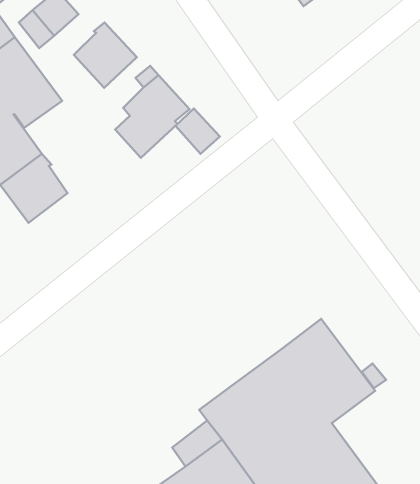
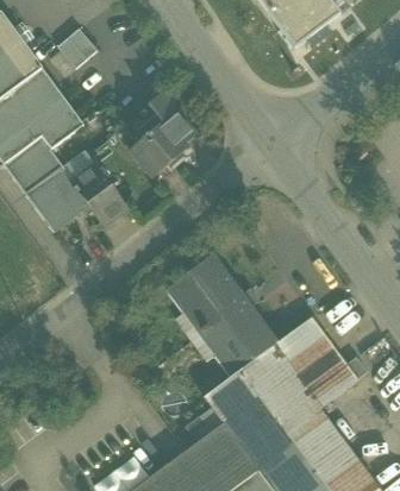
building: [74,23,137,88] -> none
building: [176,108,220,154] -> none
building: none -> [73,165,129,226]
building: none -> [167,256,277,377]

